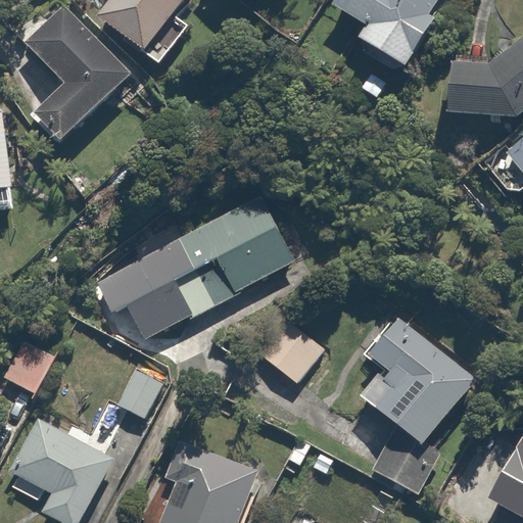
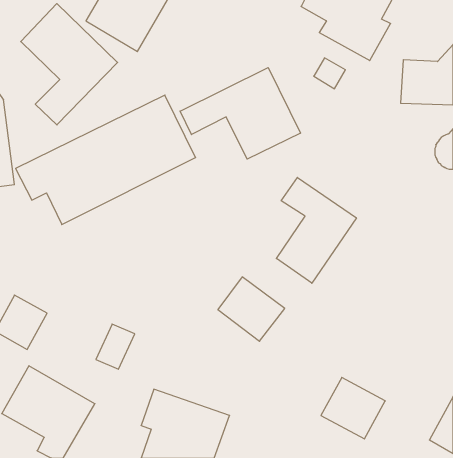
building: none -> [180,68,300,159]
building: [94,195,297,341] -> [16,95,196,225]
building: none -> [276,177,356,283]
building: [364,318,477,443] -> none

